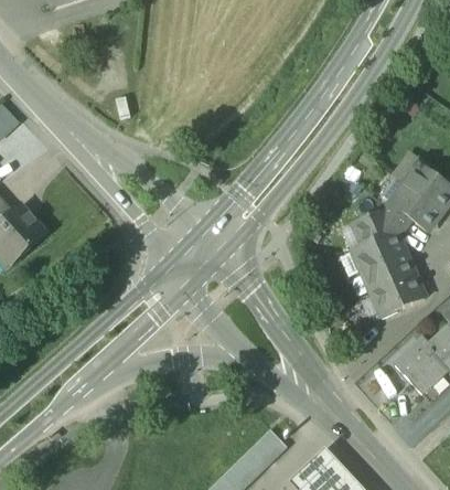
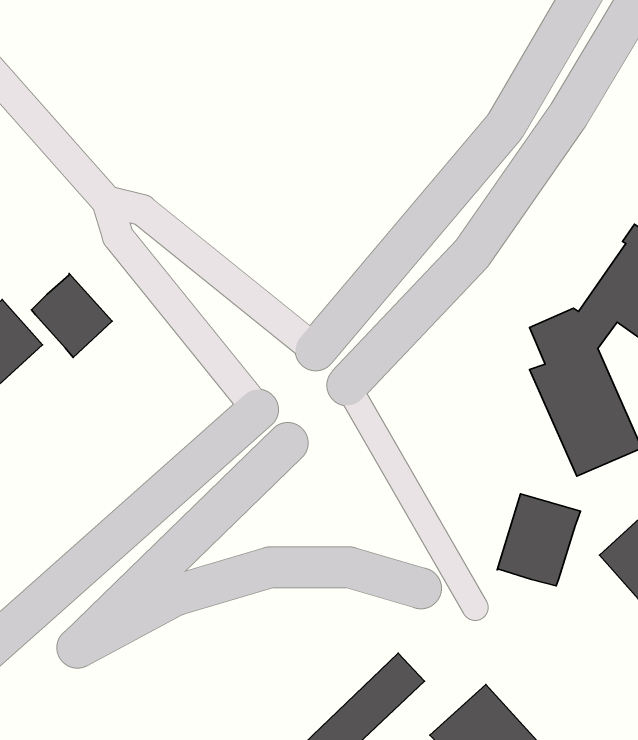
building: none -> [31,274,112,357]
building: none -> [497,494,580,586]

